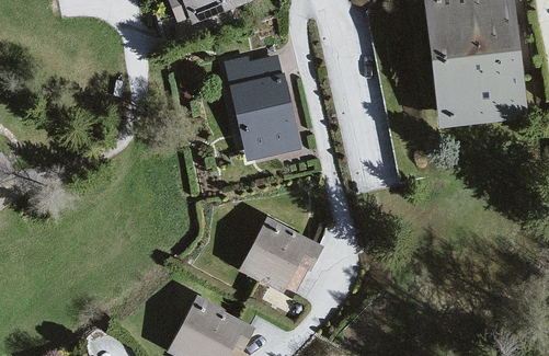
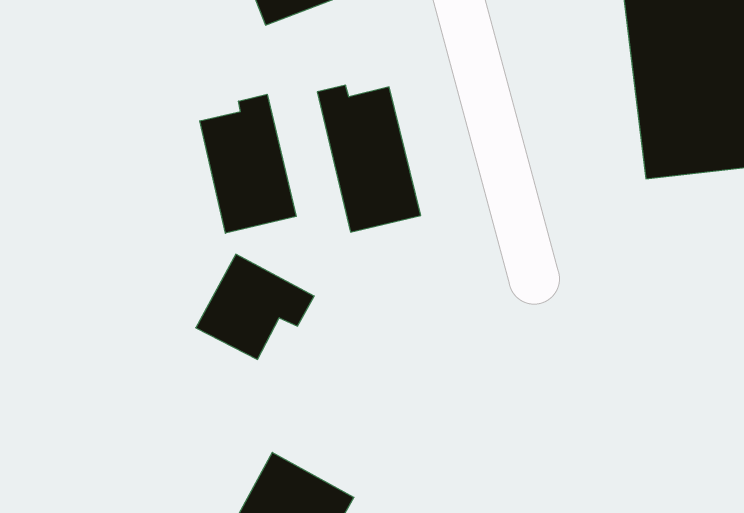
building: none -> [200,94,296,233]
building: [241,219,319,288] -> [196,254,314,359]

